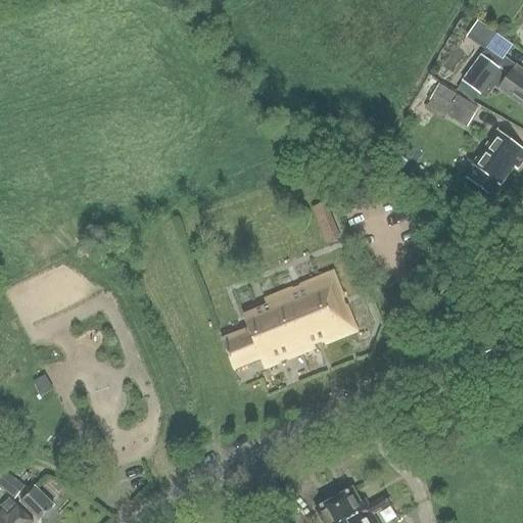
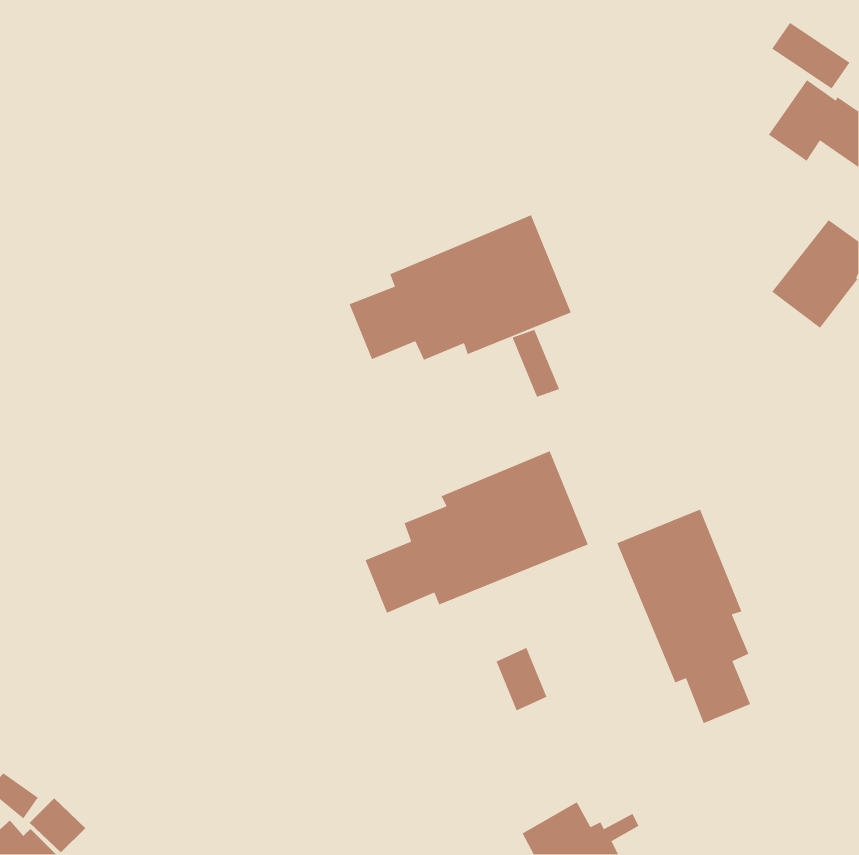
building: [428,81,477,124] -> none
building: none -> [348,214,572,361]
building: none -> [616,508,751,724]
building: none -> [495,647,548,712]

